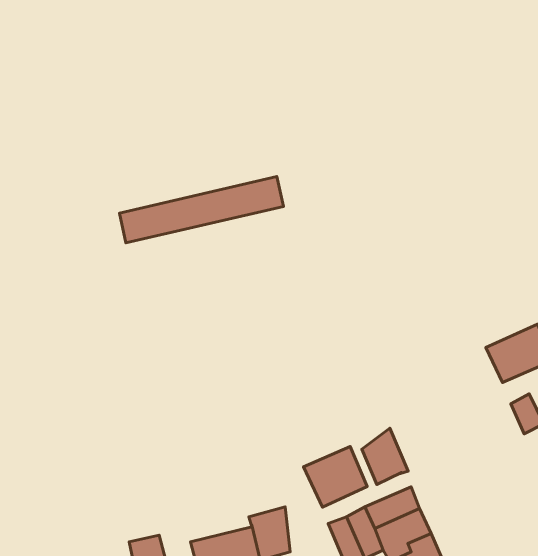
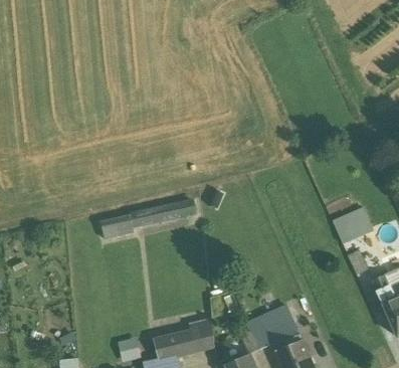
building: [119,177,284,243] -> [96,195,196,235]
building: [362,428,408,485] -> none
building: [303,446,367,507] -> none

